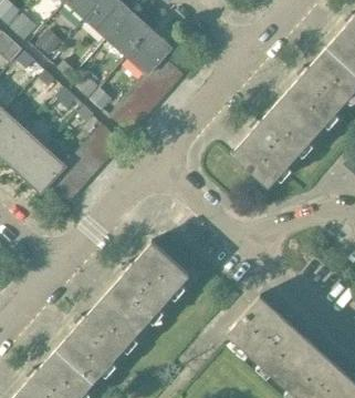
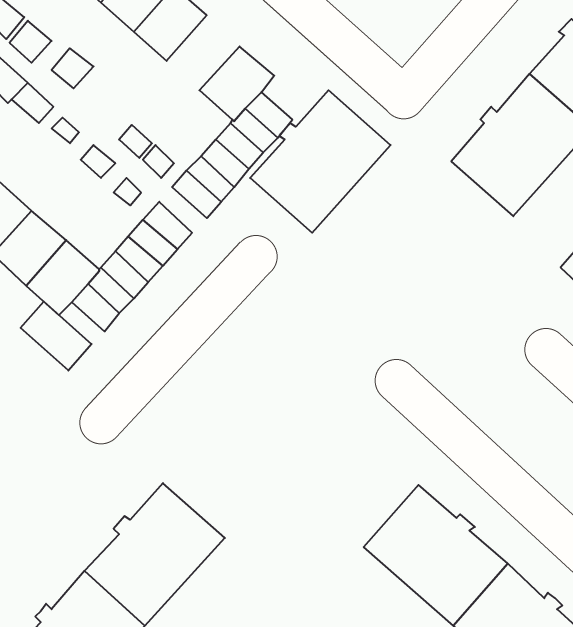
building: [107,11,152,57] -> none
building: [232,100,317,186] -> [250,90,391,233]
building: none -> [21,301,92,371]
building: [105,242,190,328] -> none

